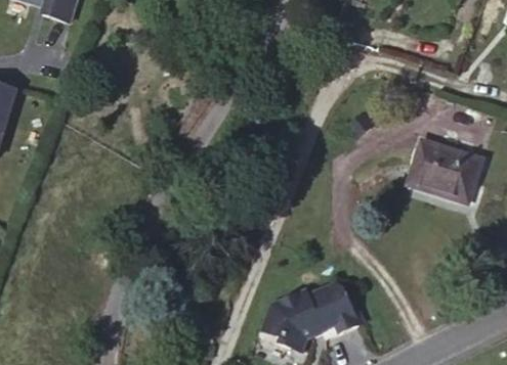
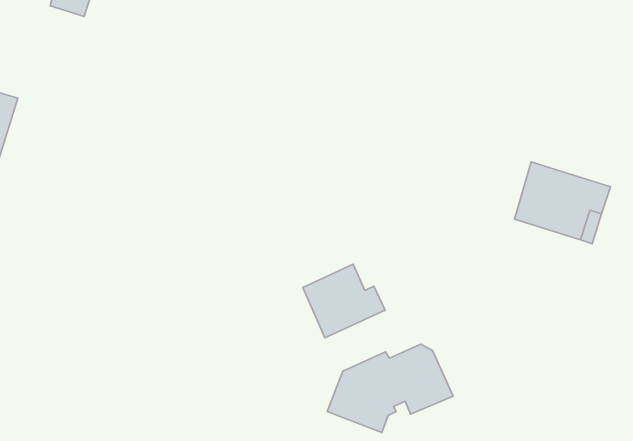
building: none -> [303,264,385,338]

